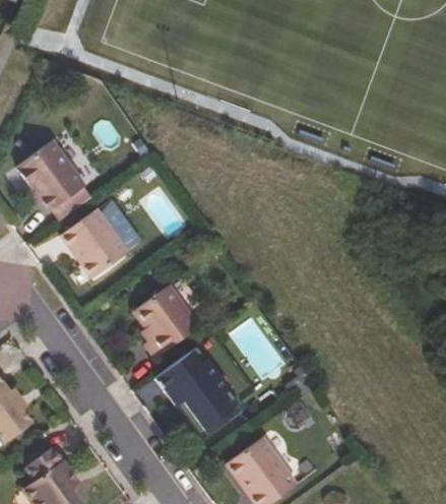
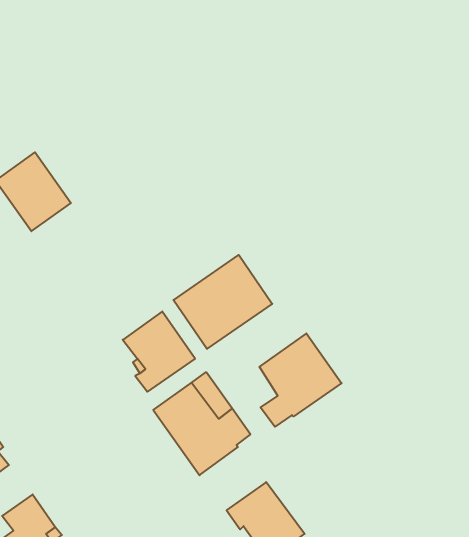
building: [60,209,128,277] -> none
building: none -> [173,255,272,349]
building: none -> [259,333,342,427]

